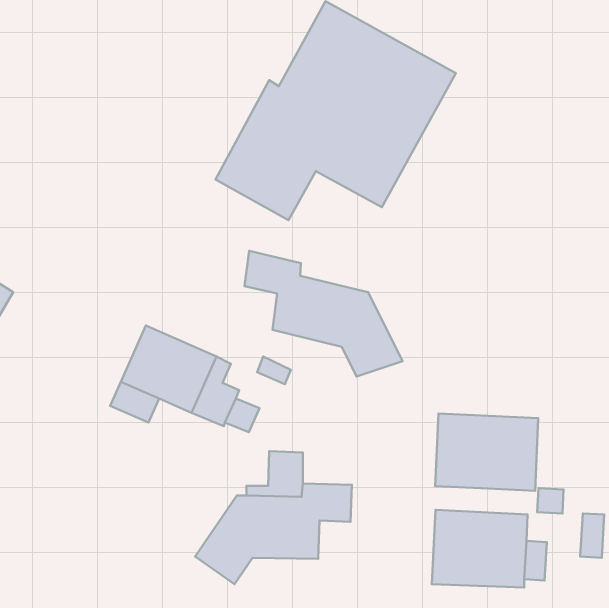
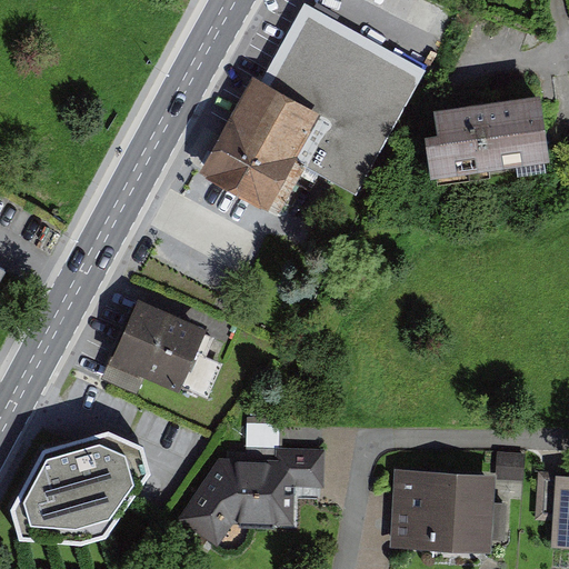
building: none -> [425,91,540,172]
building: [244,251,403,376] -> none
building: [435,413,538,491] -> none
building: none -> [9,432,149,546]

